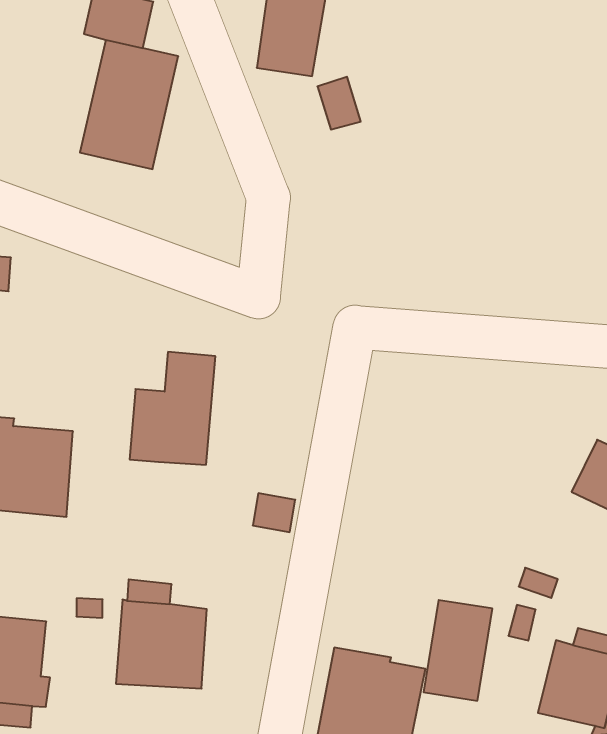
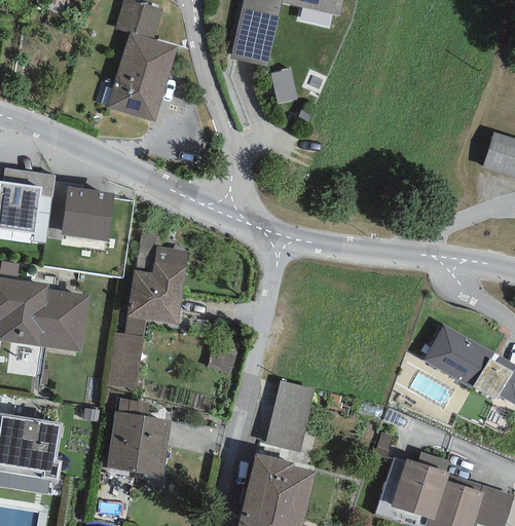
building: none -> [60,186,113,240]
building: none -> [106,316,145,389]
building: [424,600,492,701] -> [264,380,315,450]

